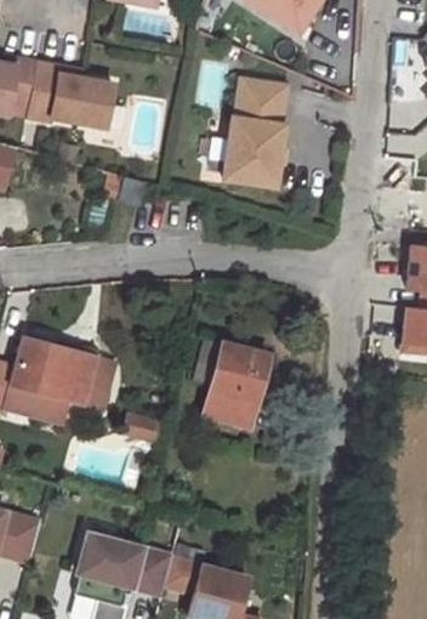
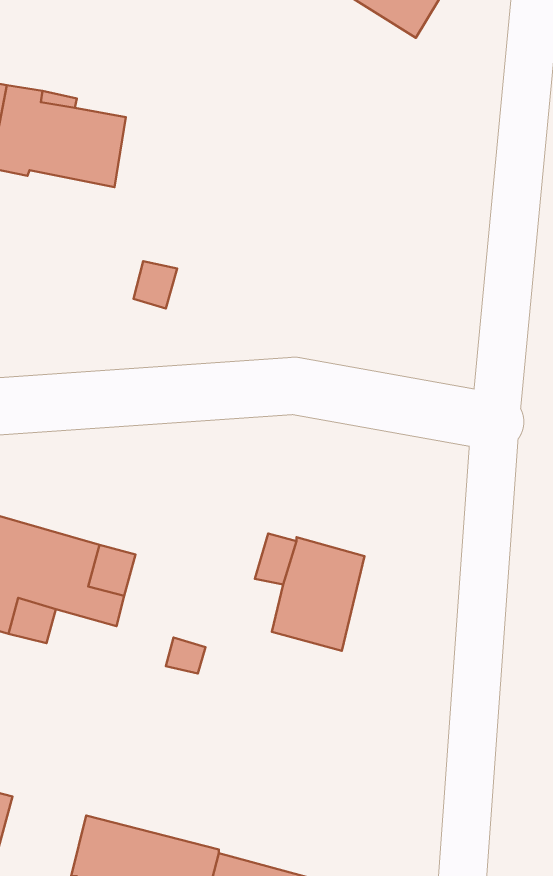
building: [223,79,285,184] -> none

